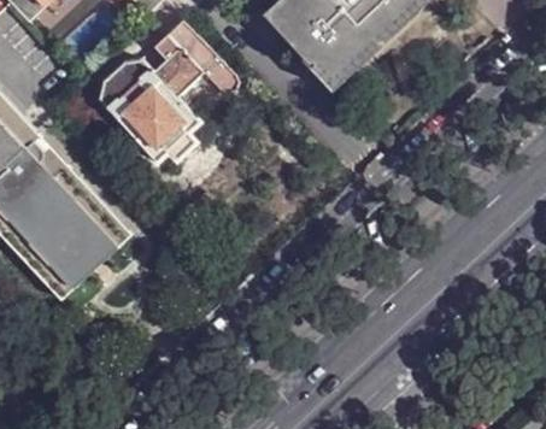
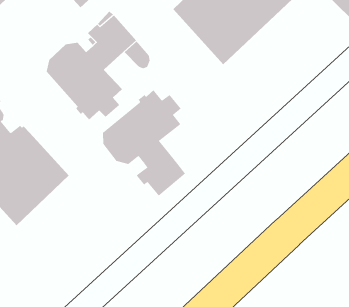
building: none -> [102,90,186,196]

